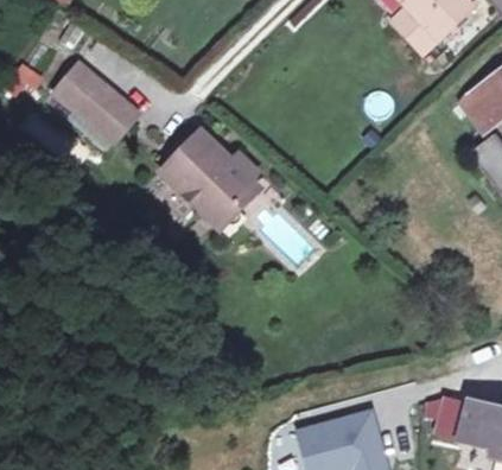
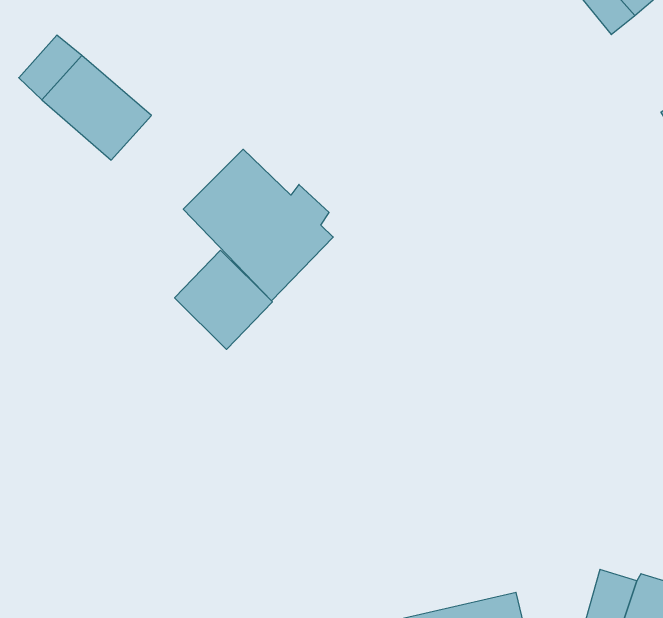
building: none -> [175,250,272,349]

